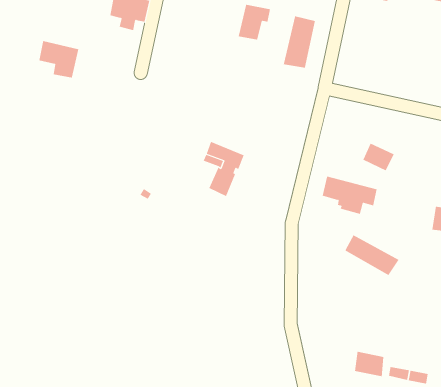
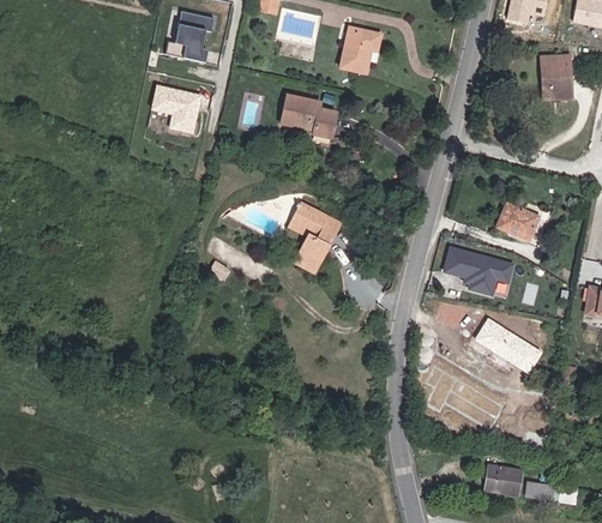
building: [283,15,315,69] -> none
building: none -> [541,58,571,100]
building: [39,41,79,78] -> [151,84,203,132]
building: none -> [279,94,331,134]

